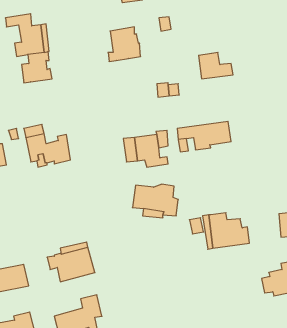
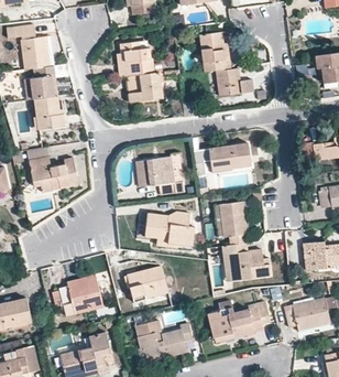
building: none -> [199,31,230,72]
building: none -> [127,72,162,101]
building: none -> [34,96,66,130]
building: none -> [214,201,250,244]
building: none -> [127,266,168,301]
building: none -> [208,299,270,337]
building: none -> [134,320,193,362]

